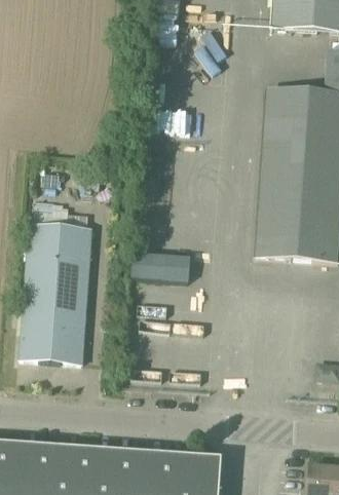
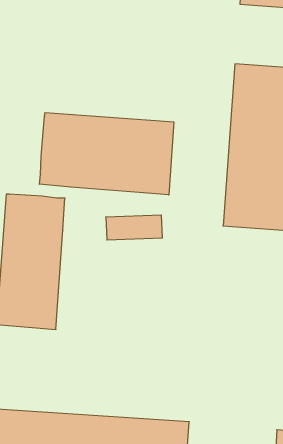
building: none -> [39,113,174,195]

